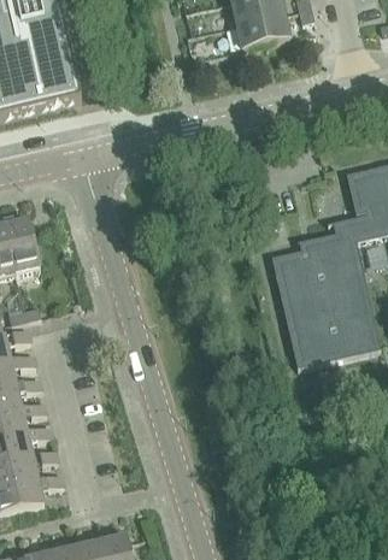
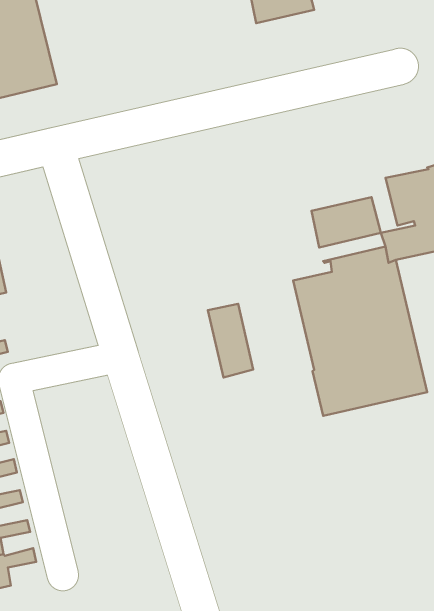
building: none -> [311,197,381,247]
building: none -> [208,304,253,377]

